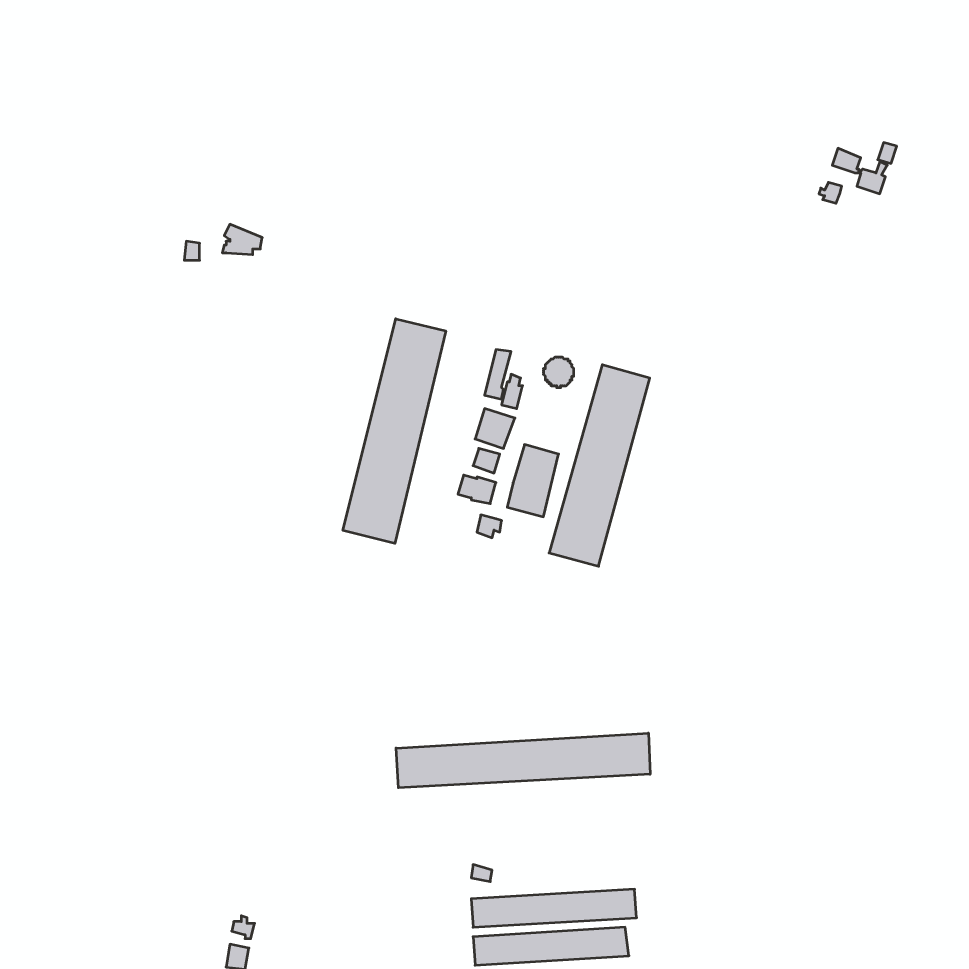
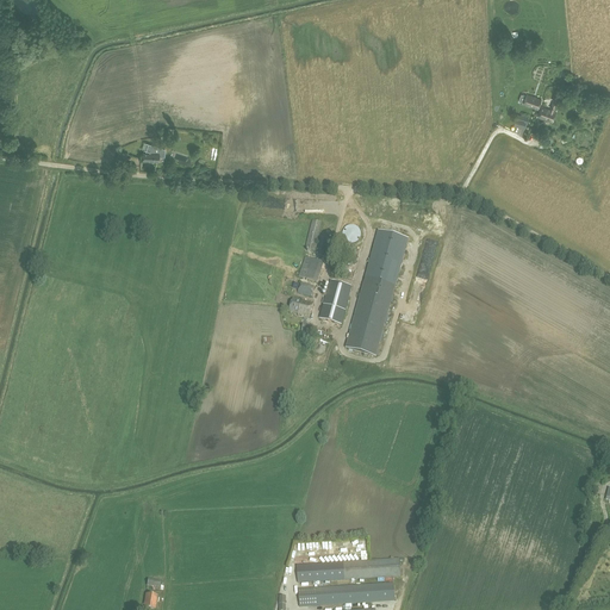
building: [343,319,446,543] -> none
building: [396,733,650,788] -> none

